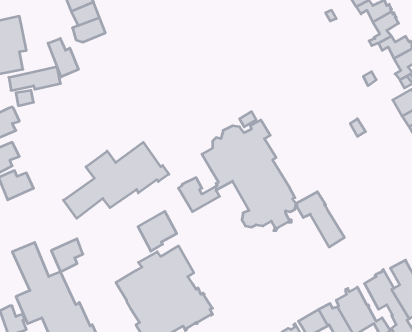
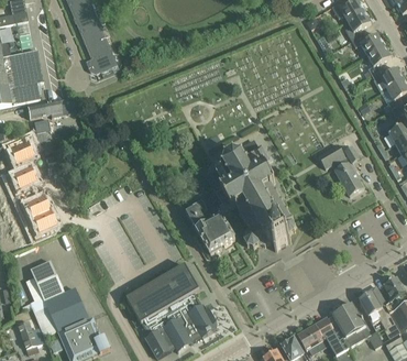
building: [48,38,78,77] -> none
building: [63,142,169,218] -> none
building: [296,192,344,247] -> [318,143,363,195]
building: [138,211,177,251] -> [198,217,234,254]
building: [51,239,83,272] -> [25,209,55,240]

